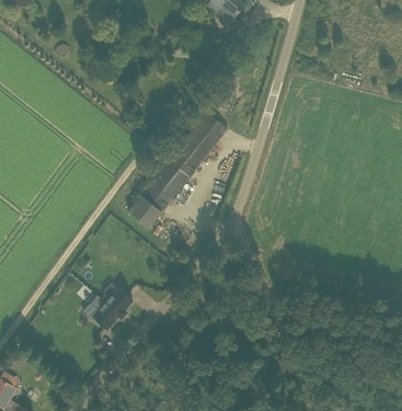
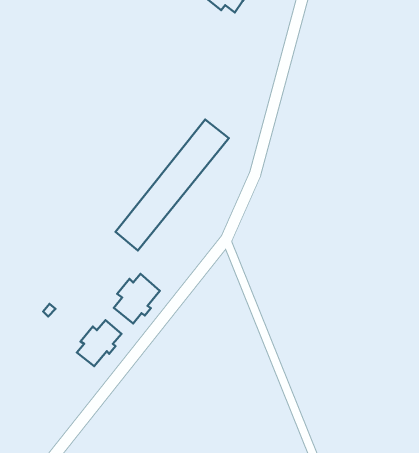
building: none -> [114,274,160,324]

